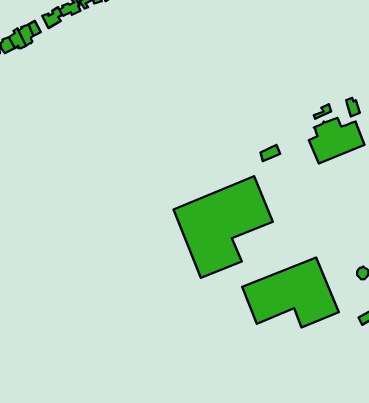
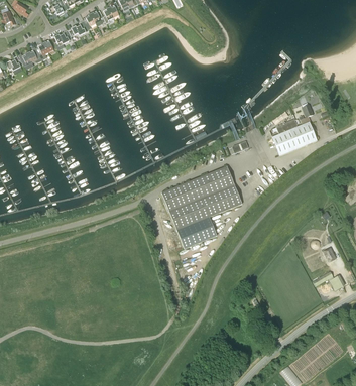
building: [242,257,339,327] -> none

